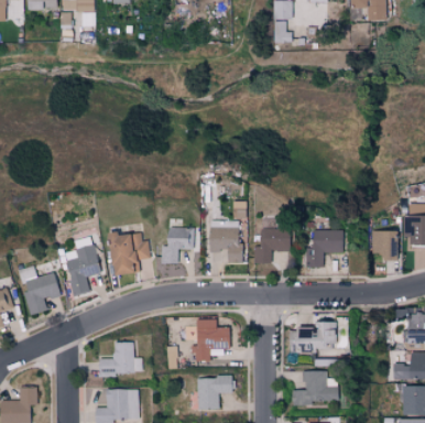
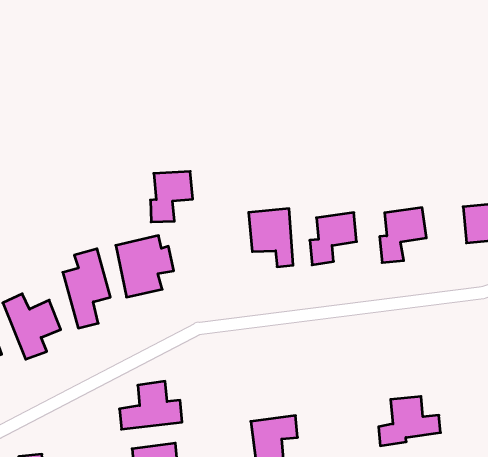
building: [161,227,194,264] -> [150,171,193,222]
building: [194,319,229,361] -> none
building: [292,322,336,351] -> none

